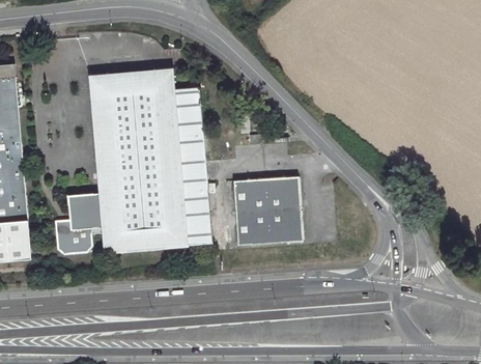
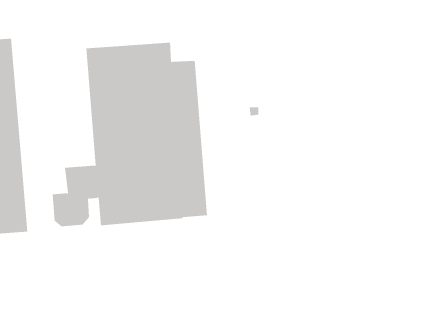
building: [234,175,305,245] -> none

